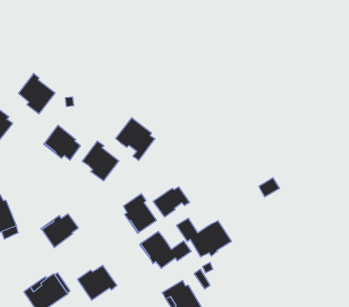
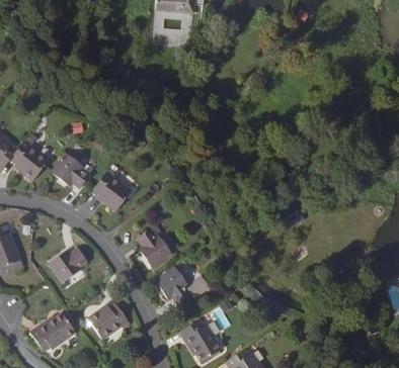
building: [18,73,55,114] -> [10,136,50,180]
building: [116,118,155,160] -> none
building: [153,187,189,217] -> none
building: [177,218,231,257] -> none

